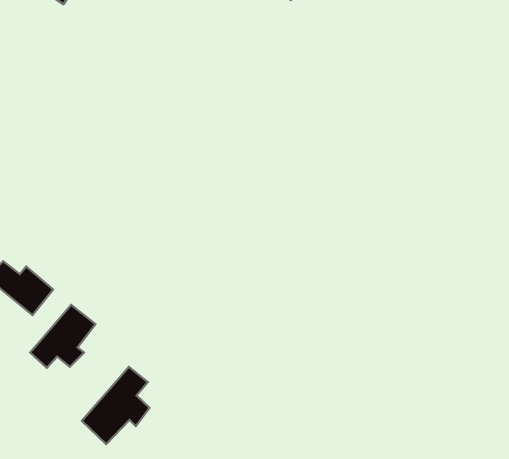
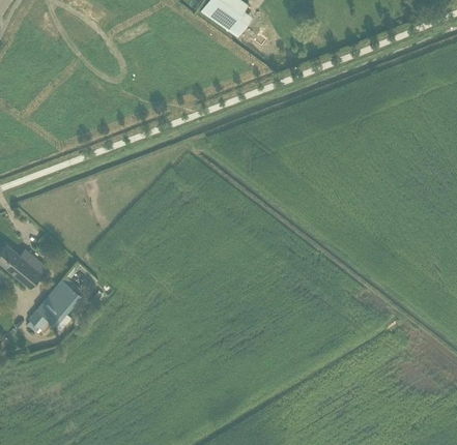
building: [82,367,150,444] -> none

